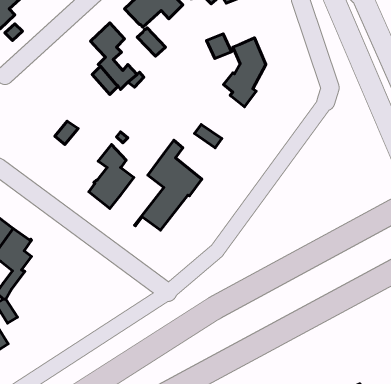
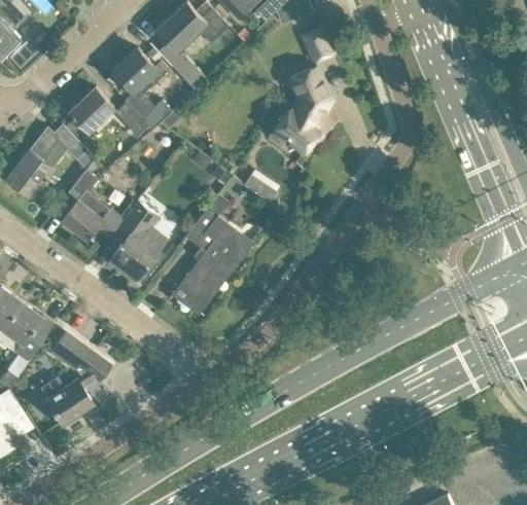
building: [207,34,232,59] -> [301,31,331,62]
building: none -> [67,87,114,131]
building: none -> [8,124,95,195]
building: none -> [63,201,124,243]
building: none -> [39,333,108,423]

